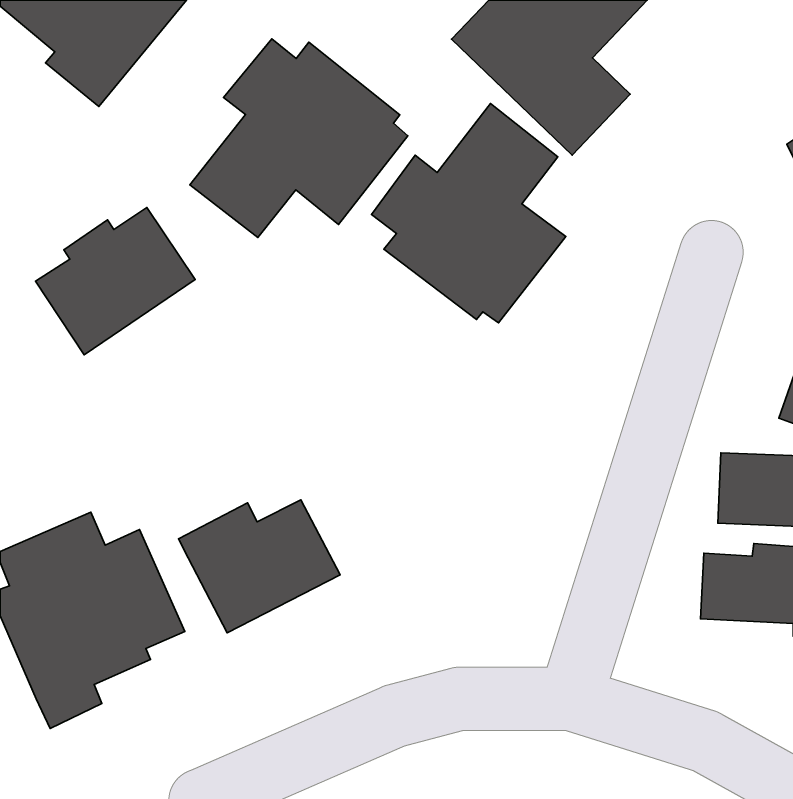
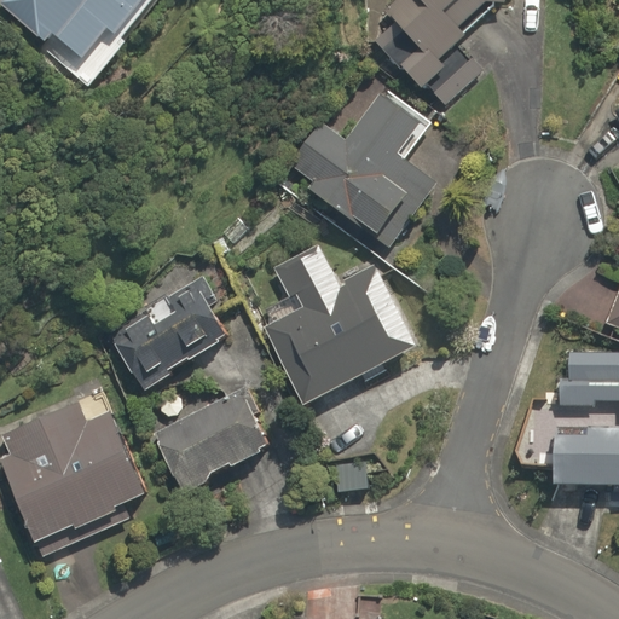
building: [190,39,408,238] -> none
building: [35,207,195,355] -> [110,276,233,389]
building: none -> [262,233,413,401]

